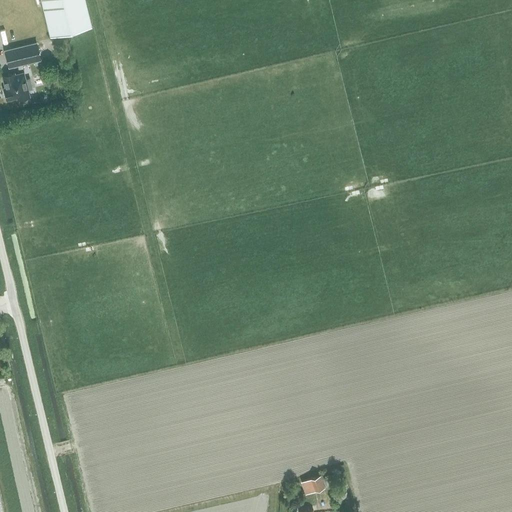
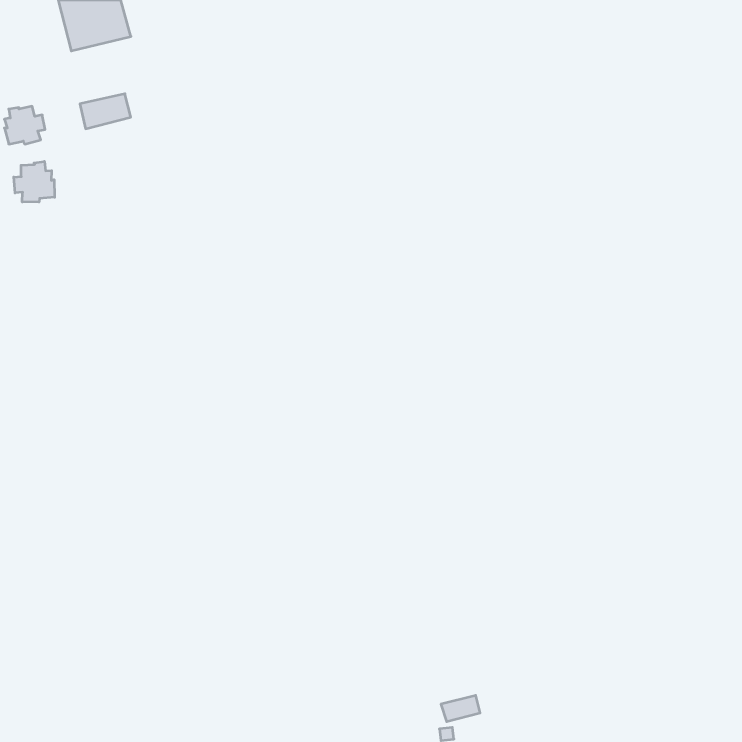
building: [4,44,39,68] -> [80,94,131,129]
building: none -> [14,161,55,202]

